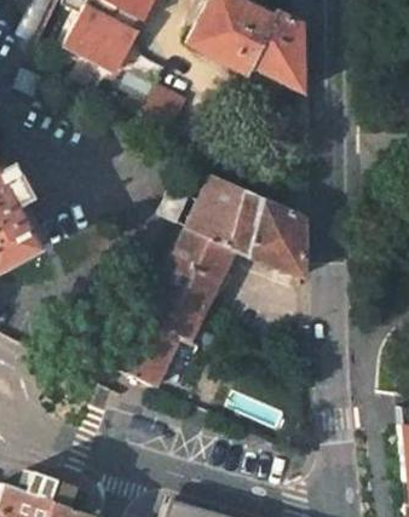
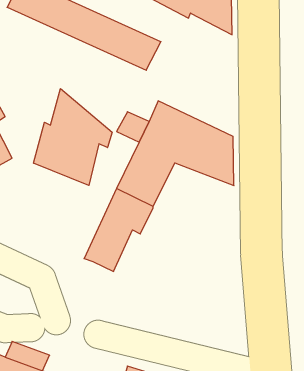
building: none -> [34,89,112,185]

